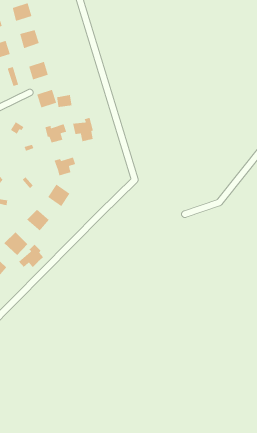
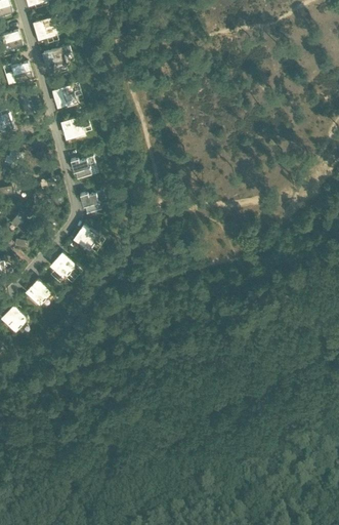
building: [72,117,95,142] -> none
building: [18,244,45,268] -> none

